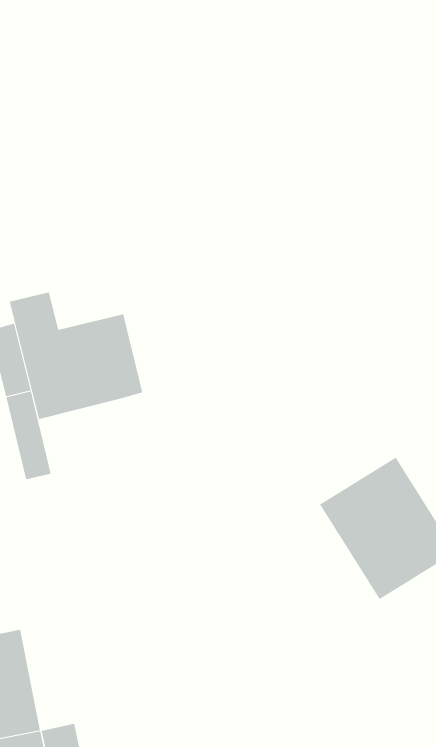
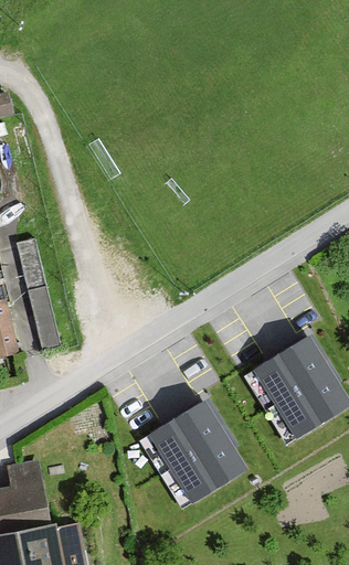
building: [9,291,143,420] -> none
building: none -> [148,399,247,504]

